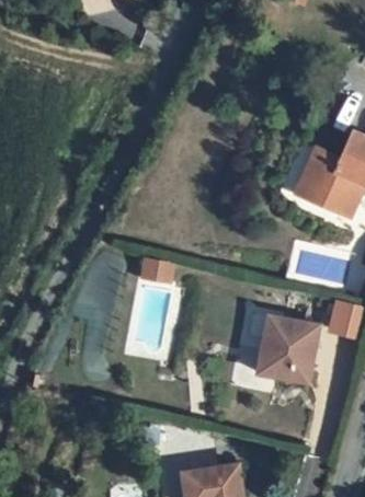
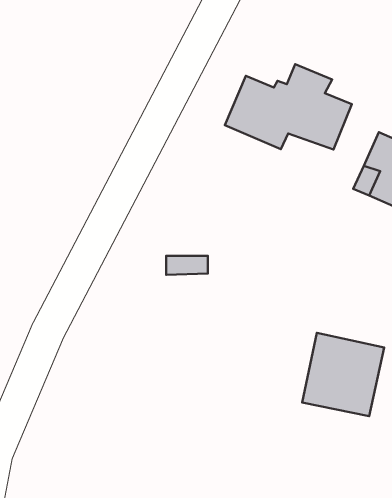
building: none -> [225,64,352,150]

